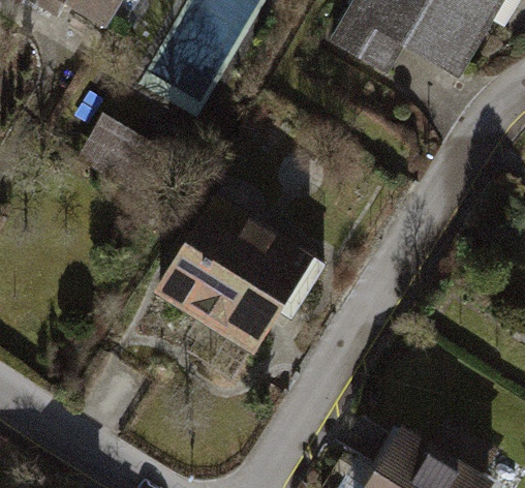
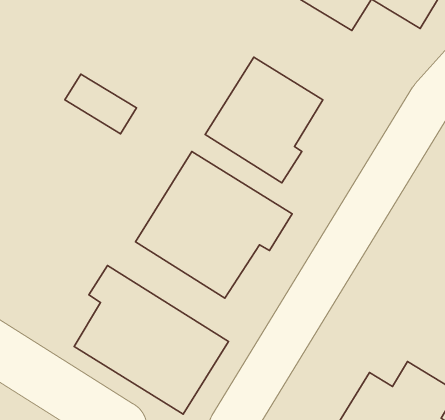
building: none -> [205,57,323,183]
building: none -> [74,266,229,414]

